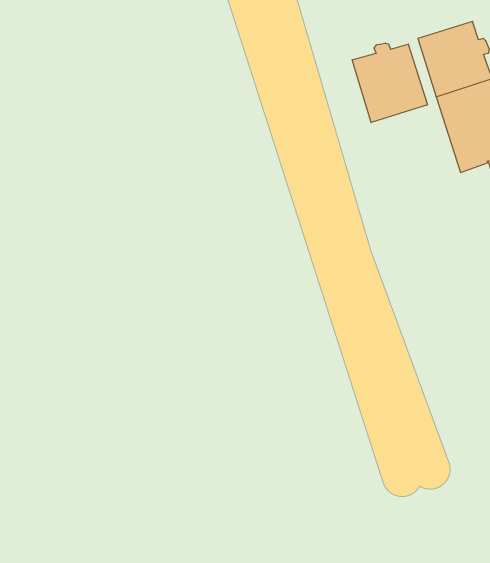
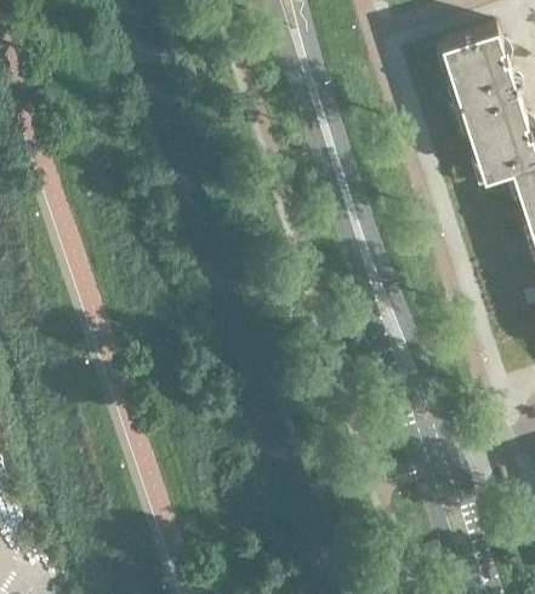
building: [352,43,427,123] -> none

